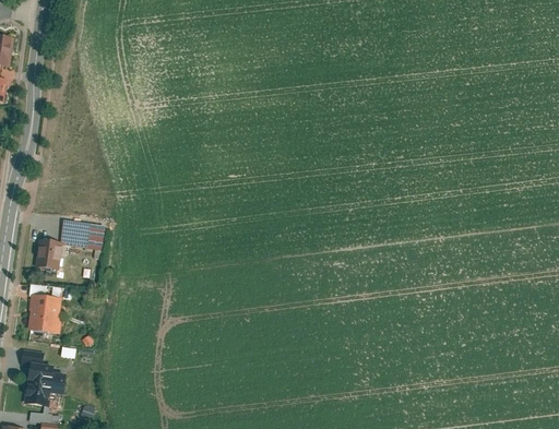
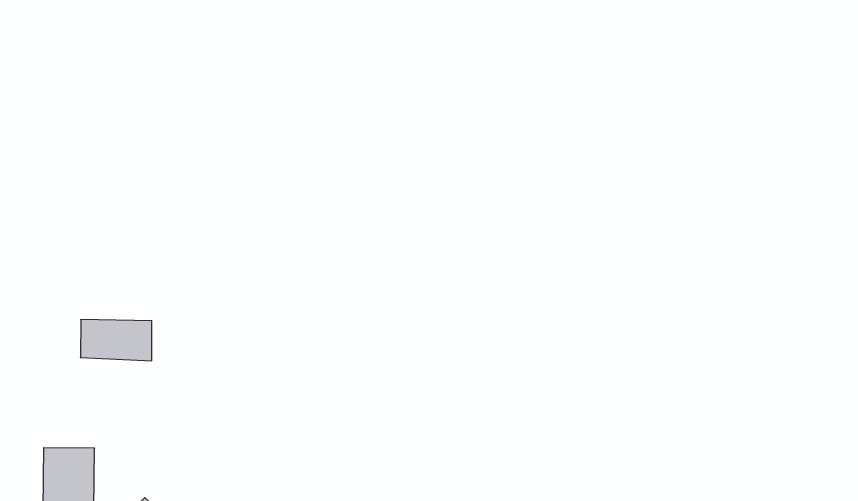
building: [36,240,60,274] -> none

